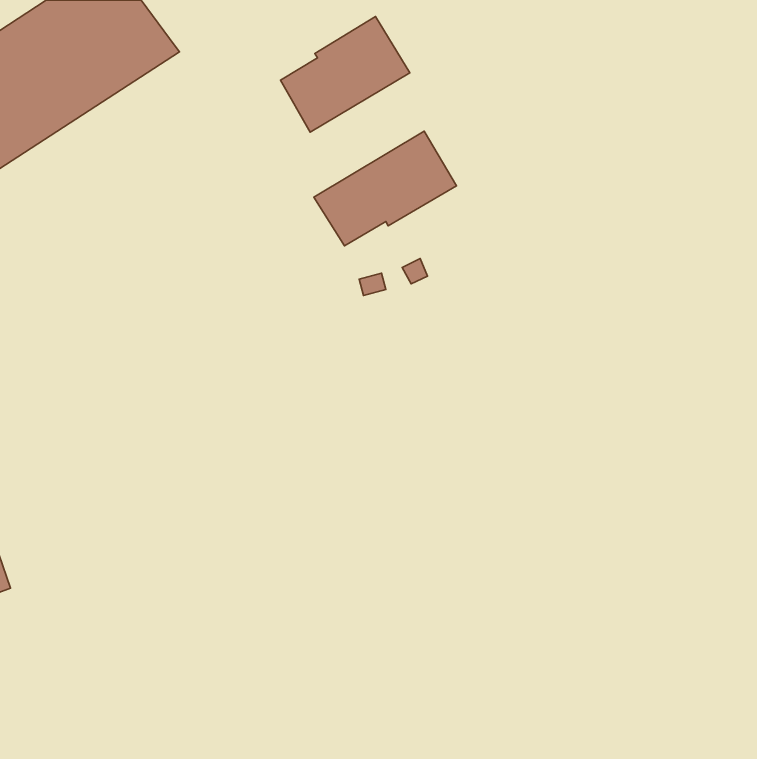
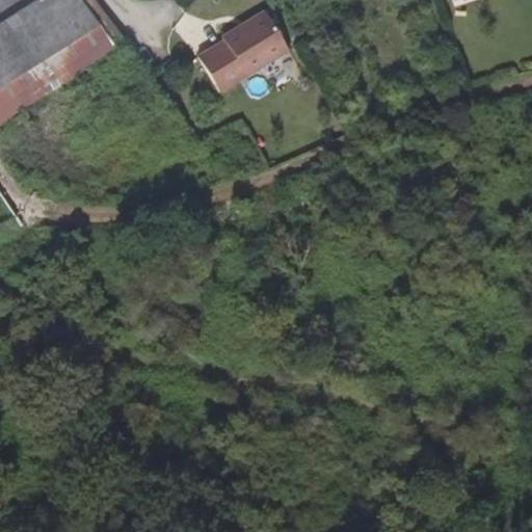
building: [314,131,456,246] -> none

